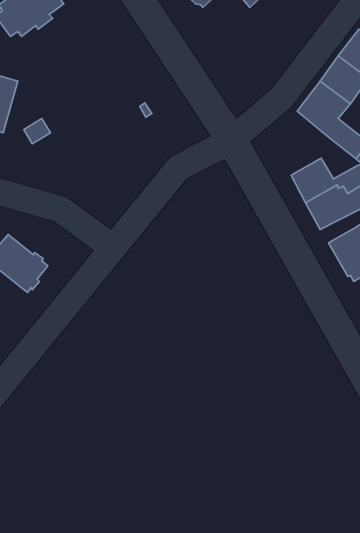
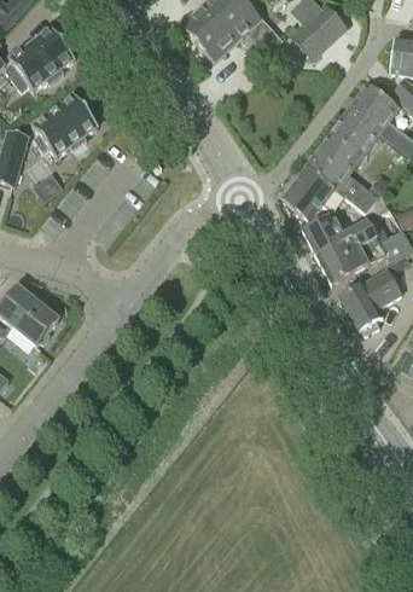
building: none -> [31,93,98,156]
building: none -> [281,164,335,220]

